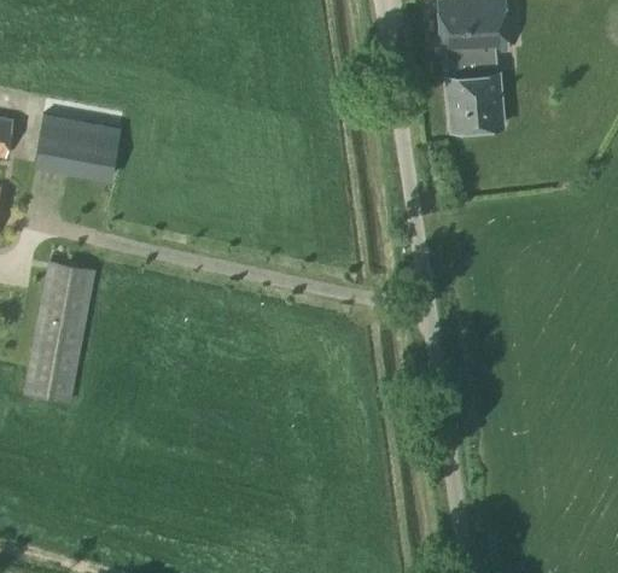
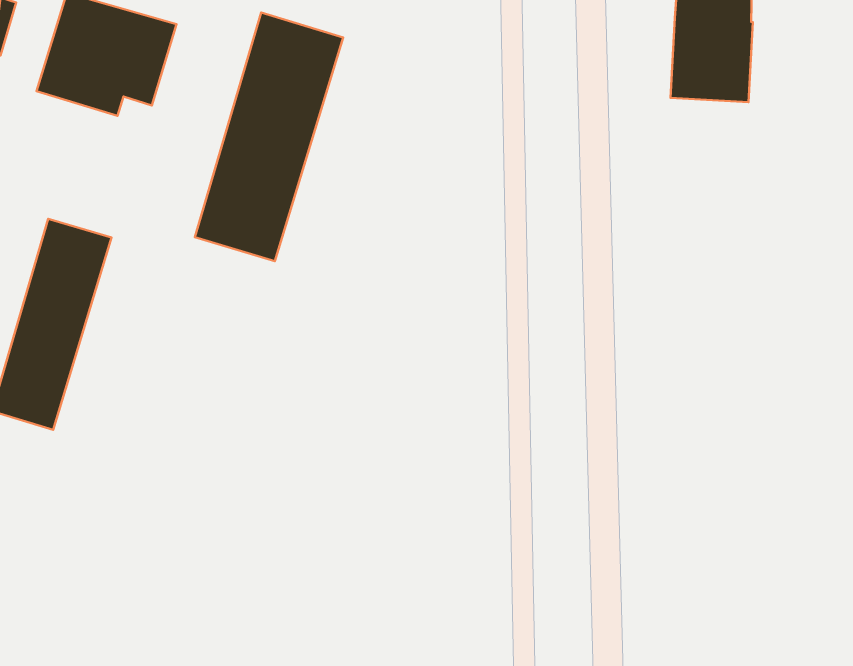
building: none -> [195,13,343,261]

